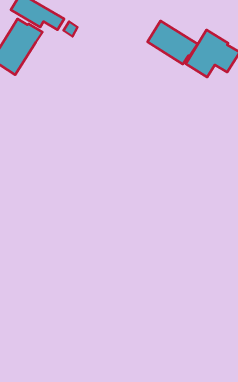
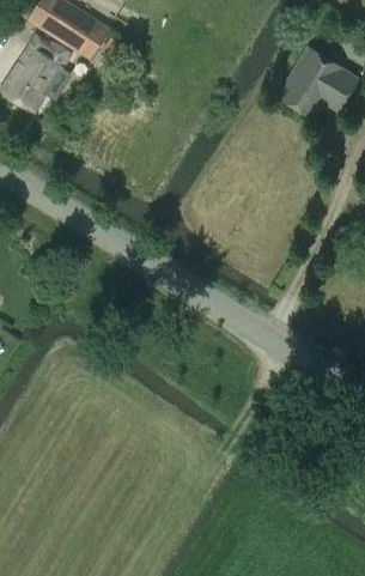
building: [148,21,198,64] -> none

